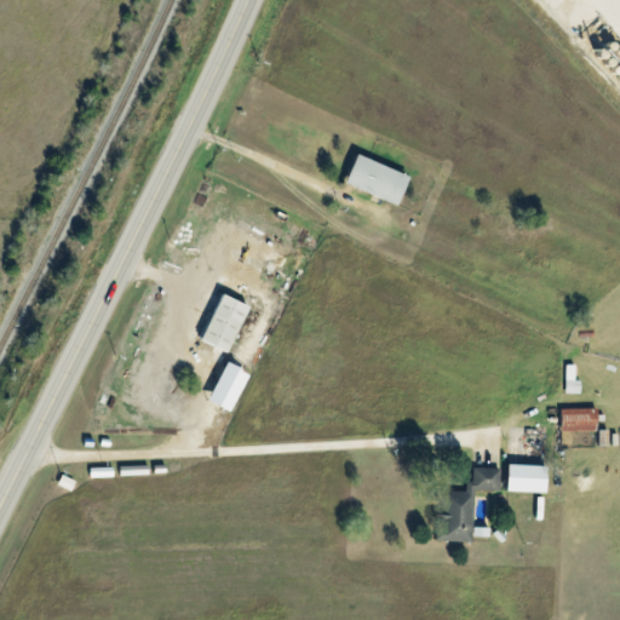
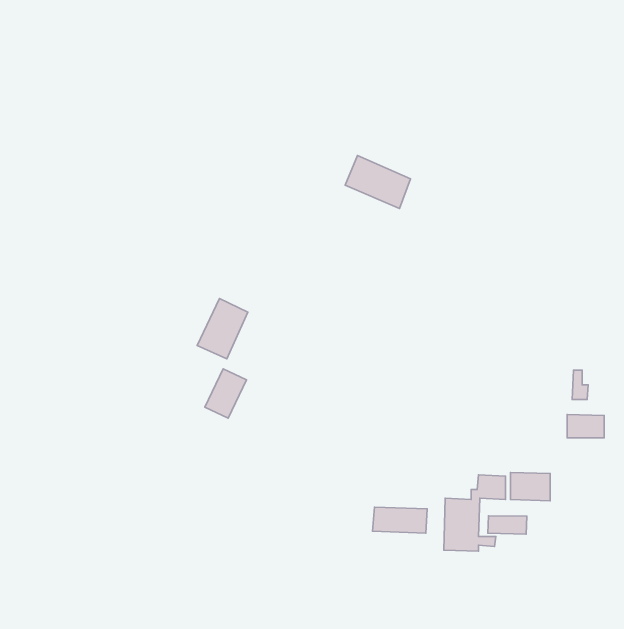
building: none -> [372,507,427,533]
building: none -> [488,516,527,534]

